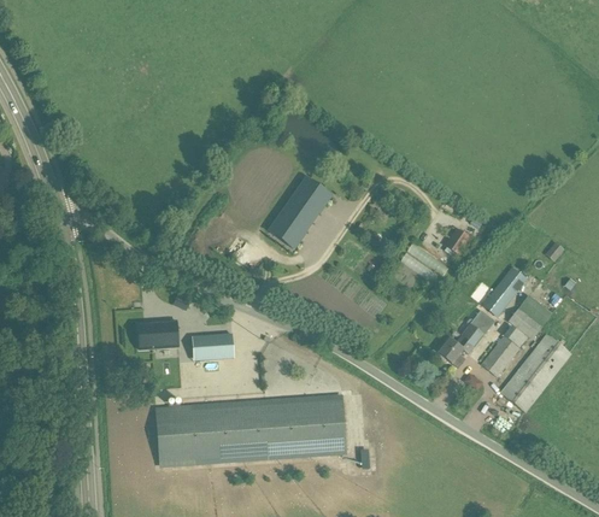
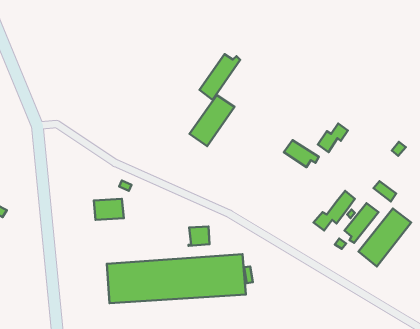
building: none -> [200,54,240,100]
building: [481,265,528,316] -> none
building: [509,305,544,339] -> none
building: [202,333,231,359] -> [188,226,210,246]

